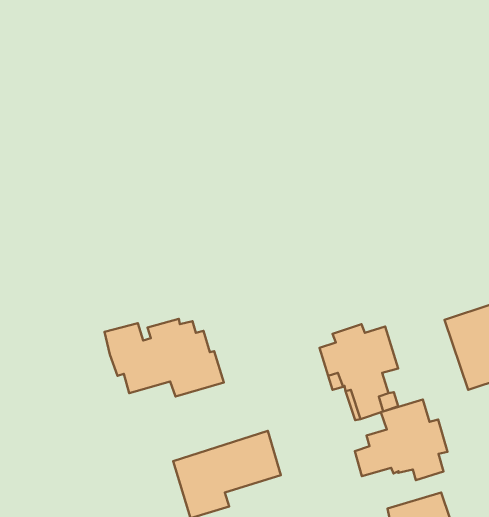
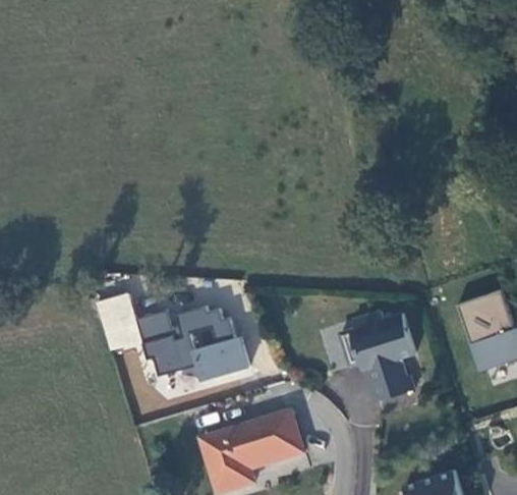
building: none -> [98,293,141,348]
building: [355,399,447,480] -> none

